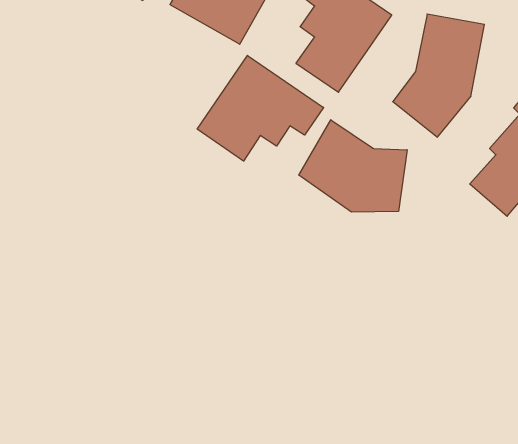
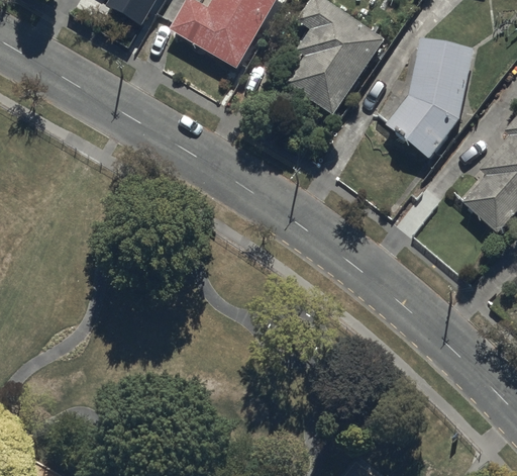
building: [197,55,324,161] -> none
building: [299,120,407,212] -> none

